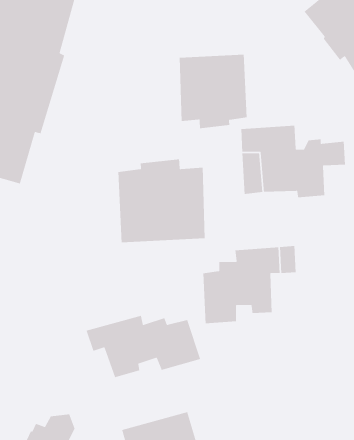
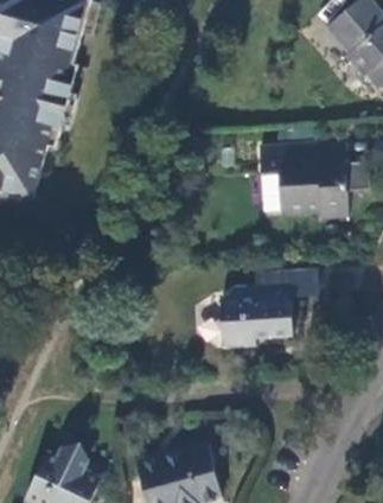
building: [179,54,248,129] -> none
building: [117,159,206,243] -> none
building: [86,315,201,378] -> none

